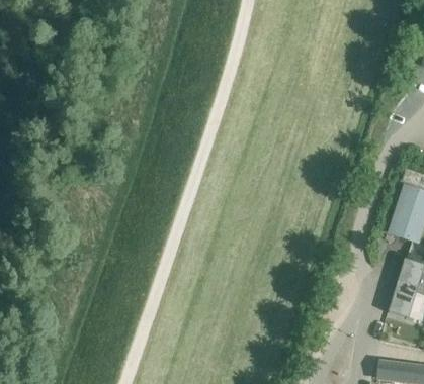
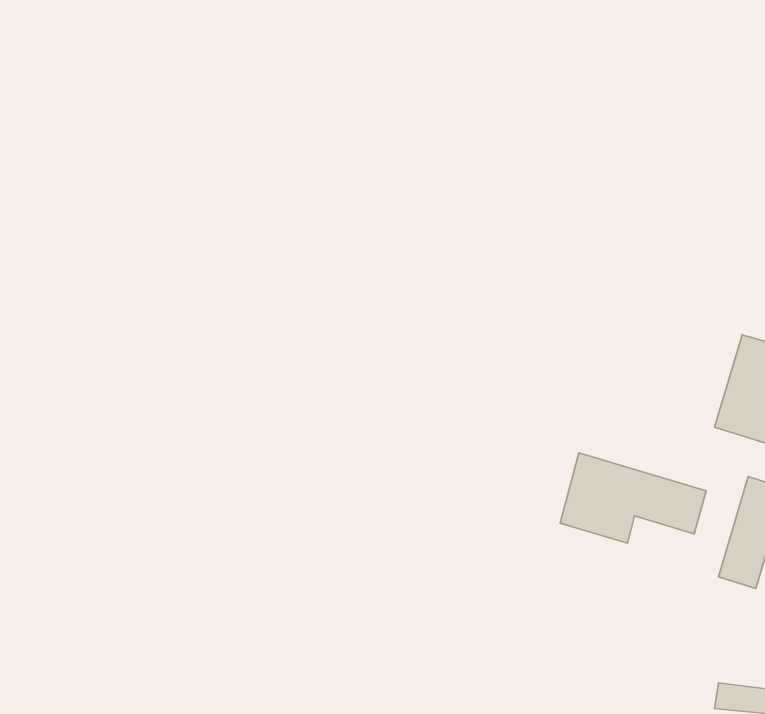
building: none -> [560,453,706,543]

